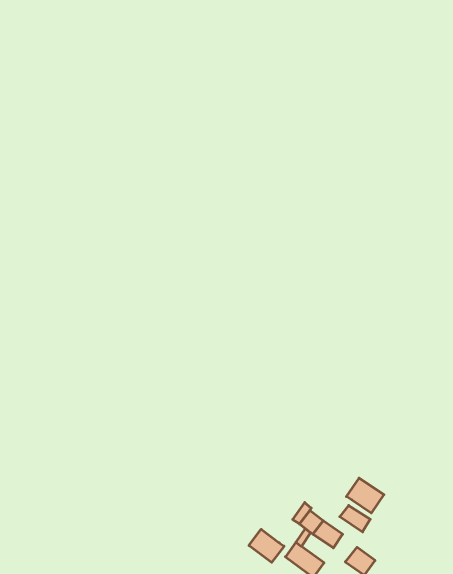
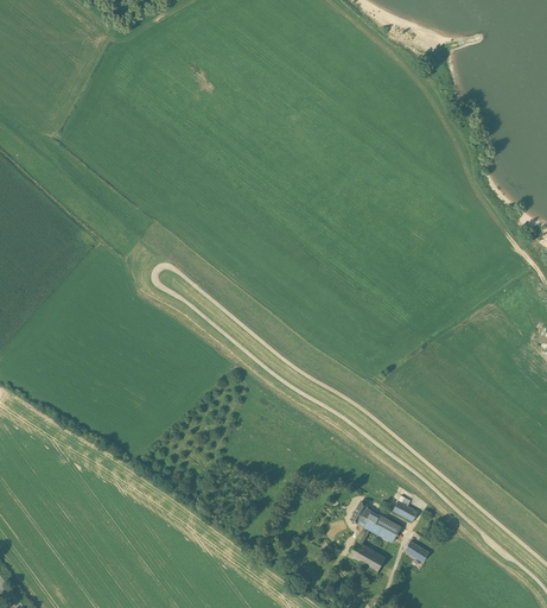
building: [346,478,384,513] -> none
building: [249,529,284,562] -> none

